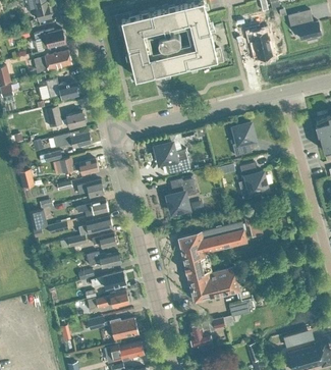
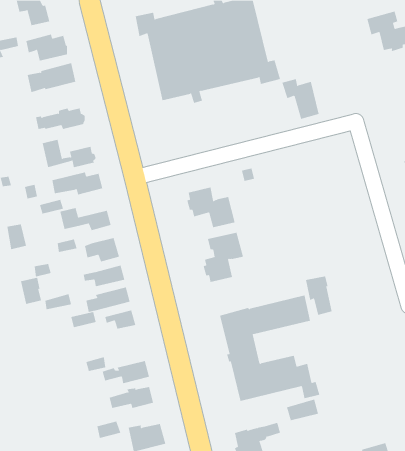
building: [244,28,273,58] -> [281,78,320,119]
building: [231,123,255,157] -> none
building: [239,163,267,200] -> none
building: [87,253,121,269] -> none

